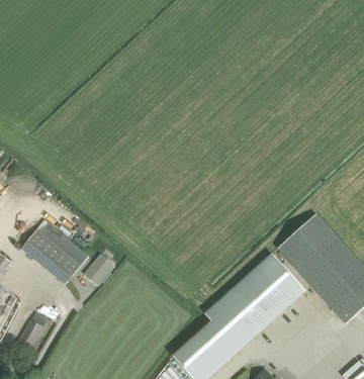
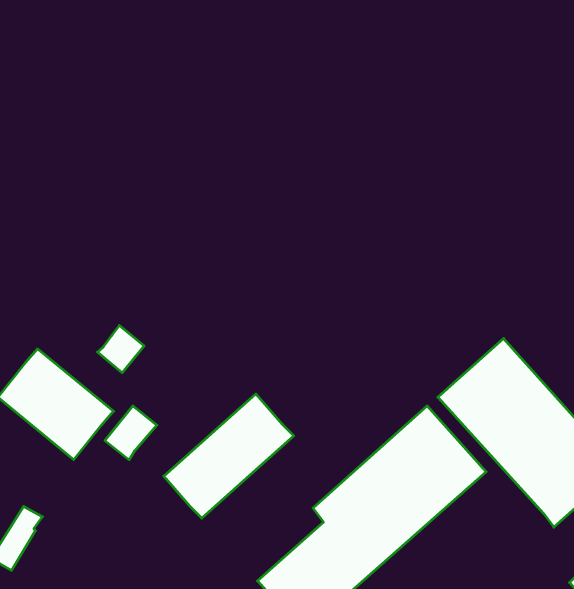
building: none -> [97,325,144,373]
building: none -> [164,394,294,518]

